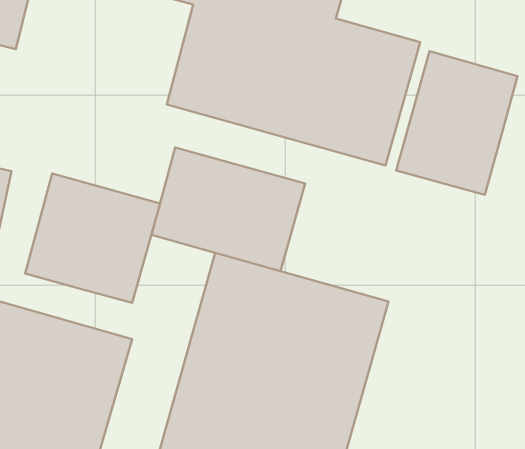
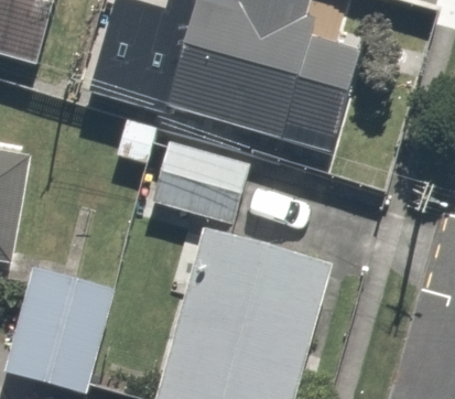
building: [396,51,517,195] -> none
building: [25,174,160,303] -> none

